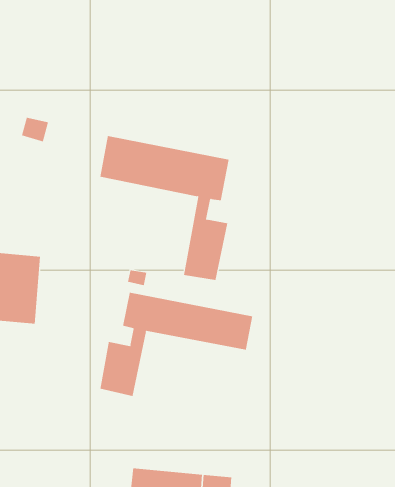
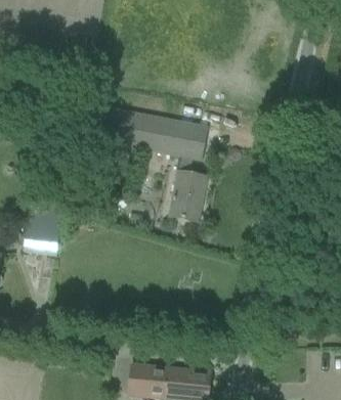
building: [100,292,253,397] -> none

